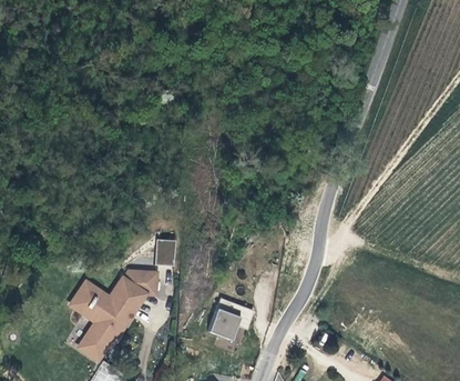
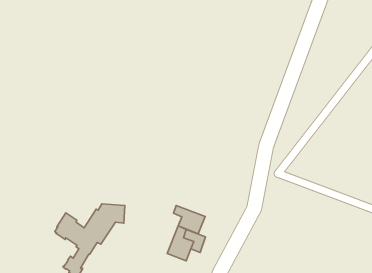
building: [154,239,175,265] -> none
building: none -> [173,205,205,234]

